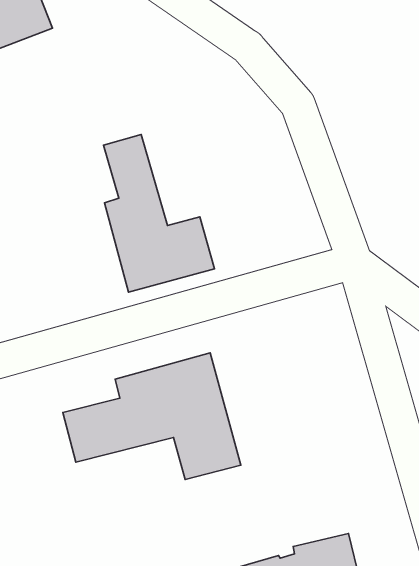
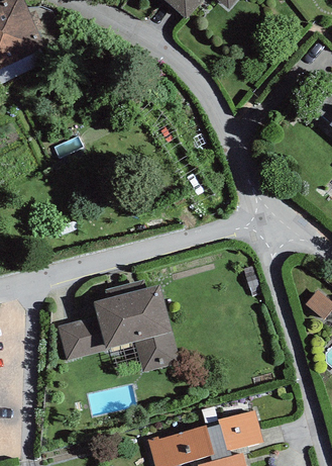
building: [104,135,214,292] -> none

